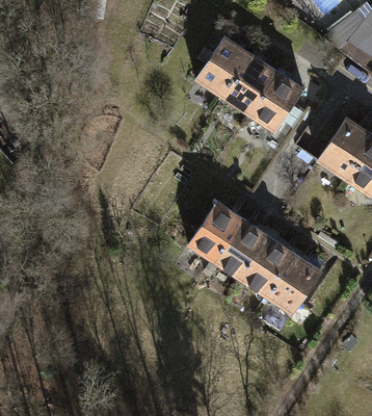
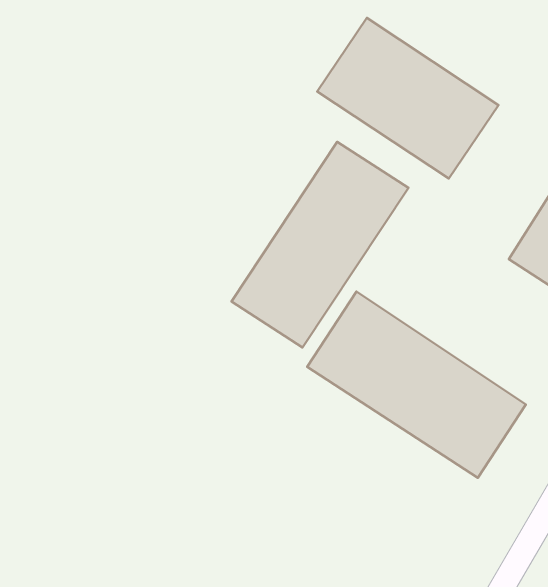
building: none -> [231,142,408,348]

